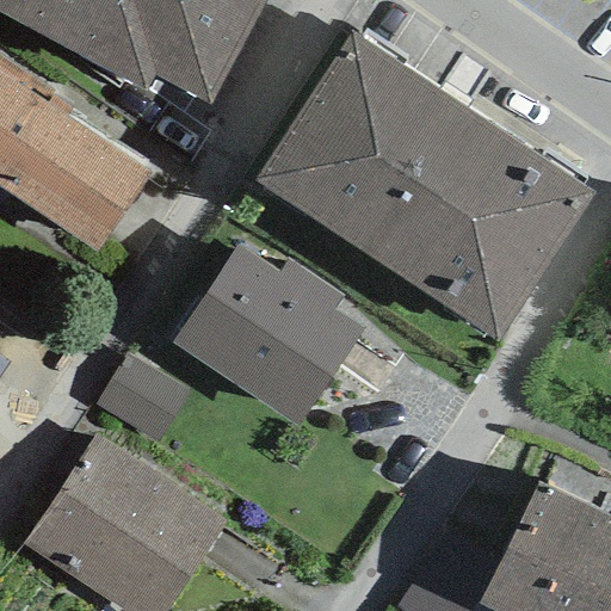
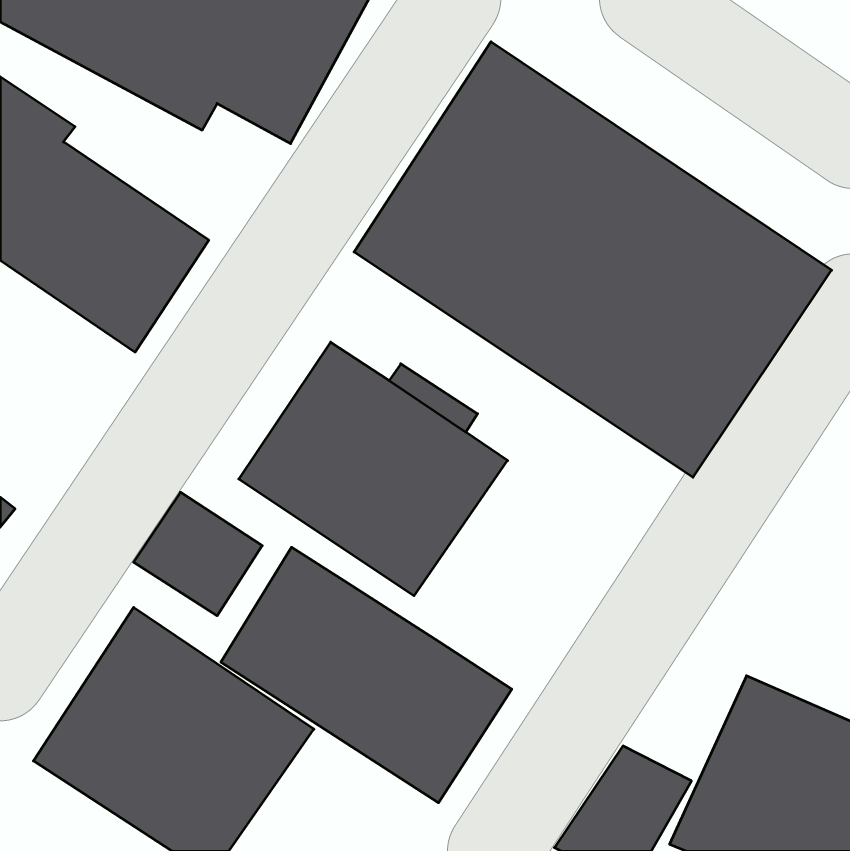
building: none -> [221,547,512,803]

